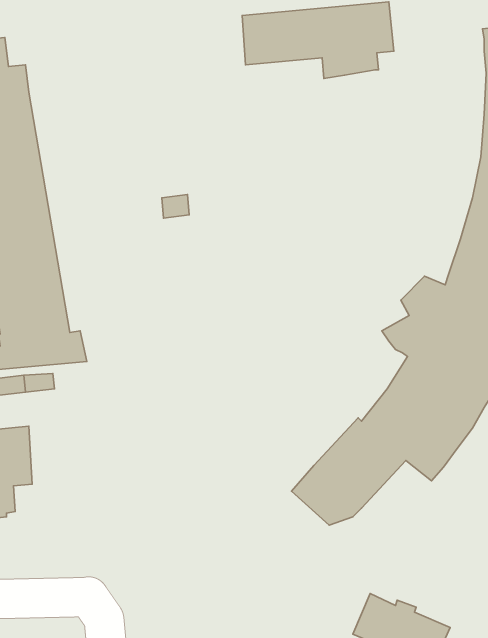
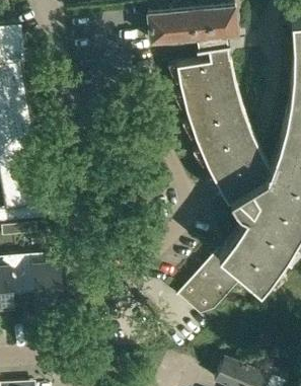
building: none -> [176,44,271,200]
building: none -> [21,253,62,307]

